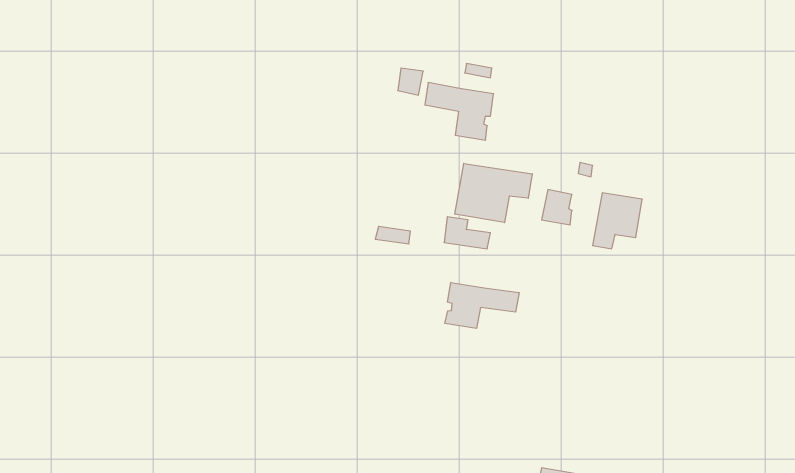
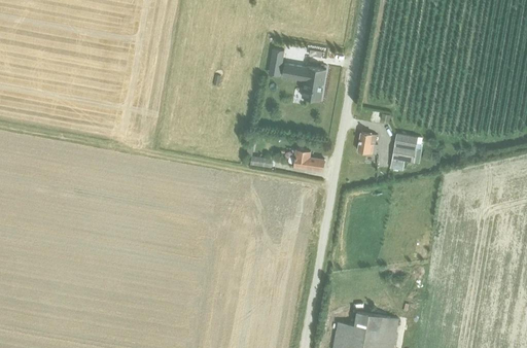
building: [455,163,532,223] -> none
building: [445,282,519,328] -> none

